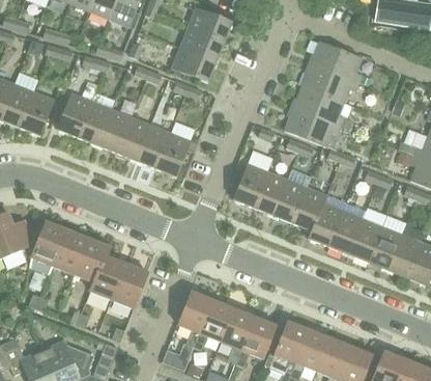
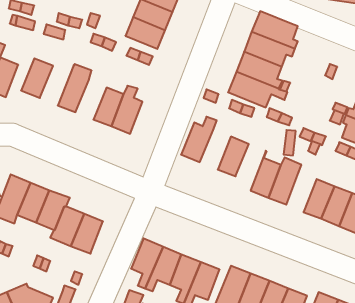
building: [77,97,114,144] -> none
building: [116,116,150,160] -> none
building: [253,171,287,215] -> none
building: [292,187,325,238] -> none
building: [348,218,381,262] -> none

